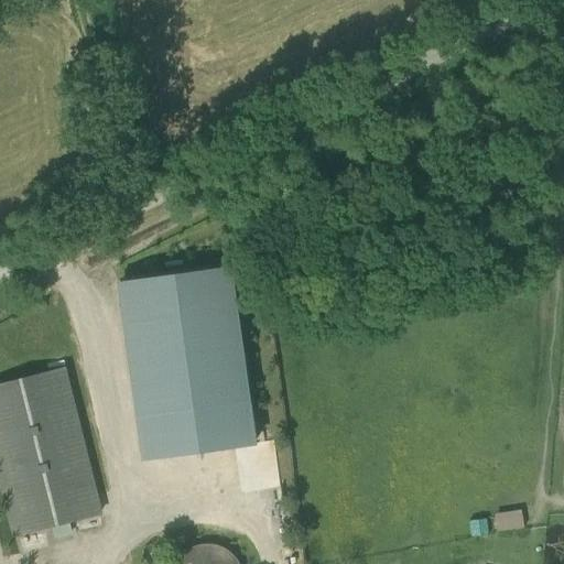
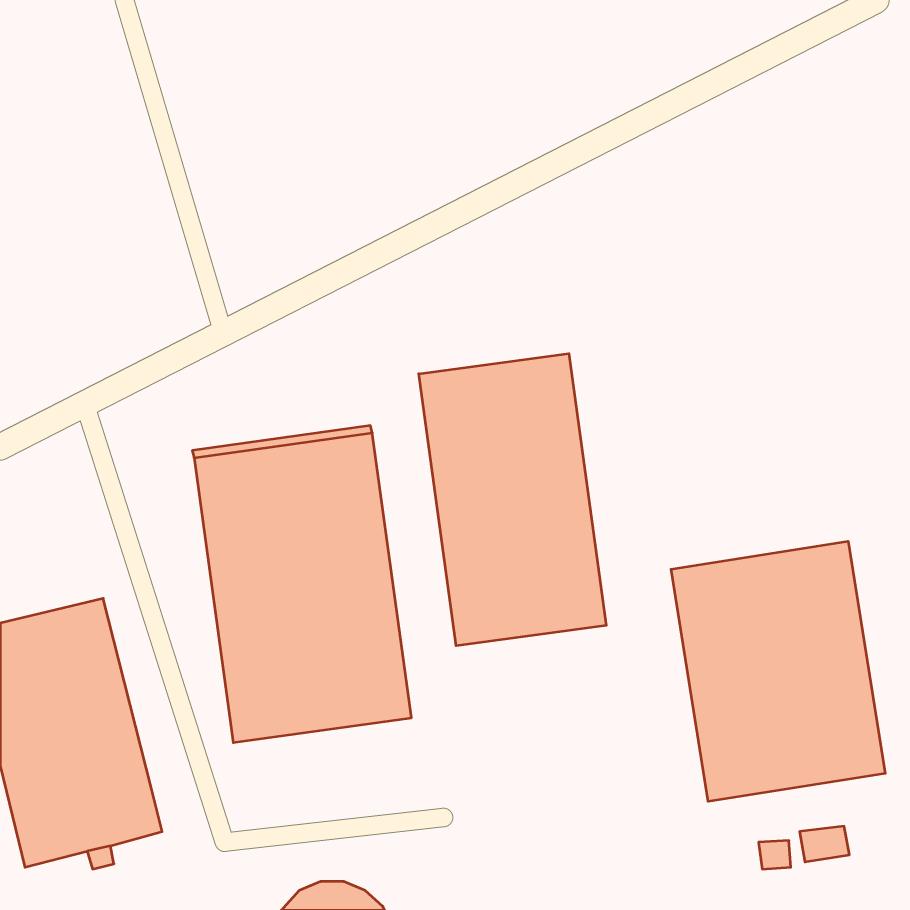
building: none -> [419,354,606,646]
building: none -> [671,541,885,801]

